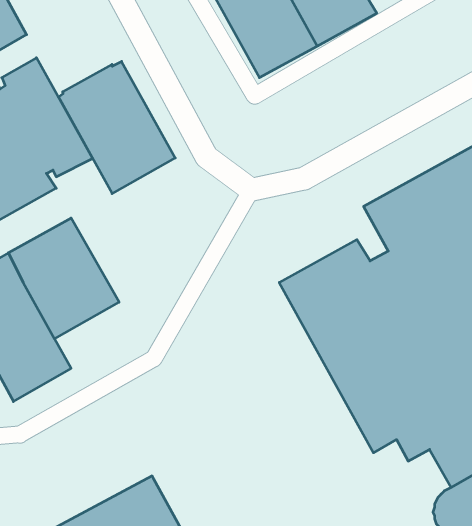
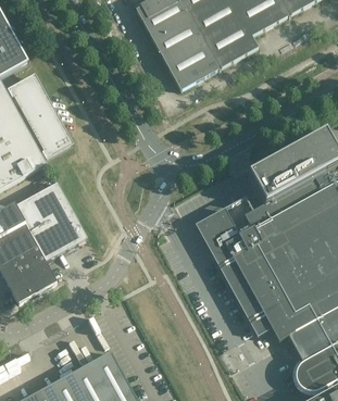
building: [58,61,175,194] -> none

